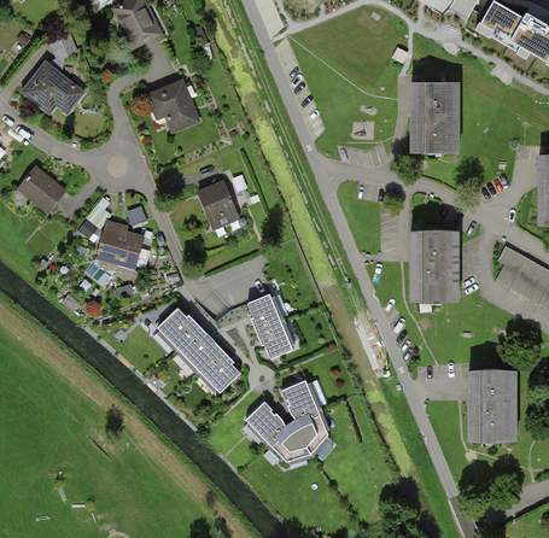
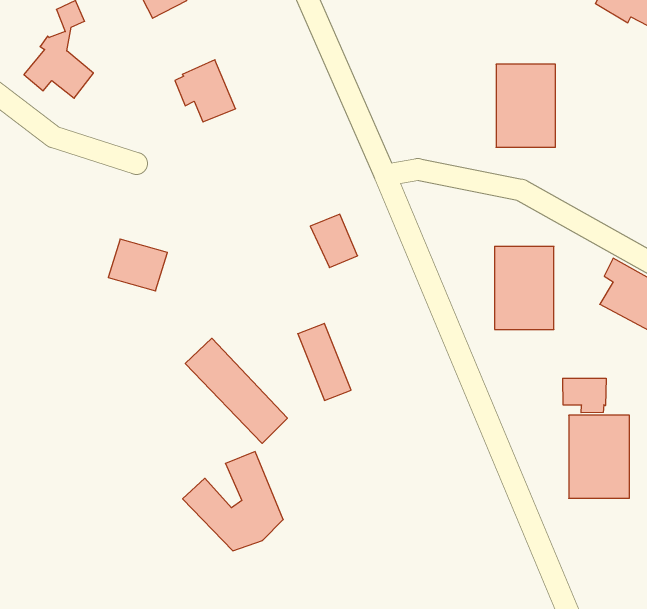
building: [17,169,64,215] -> none
building: [200,182,239,226] -> [310,214,358,268]
building: none -> [563,378,606,413]
building: [246,381,328,462] -> [183,452,283,551]

